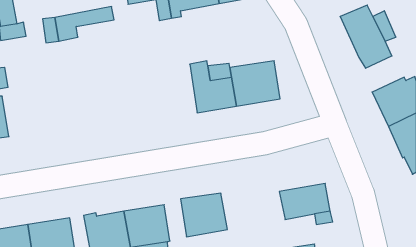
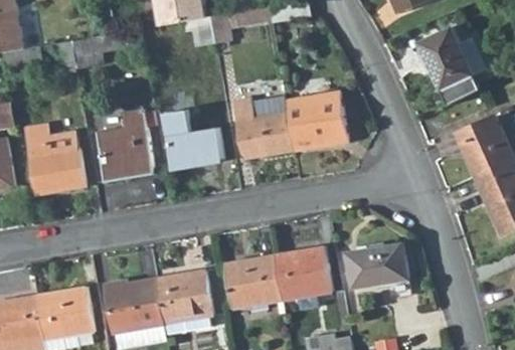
building: none -> [162,108,220,167]
building: none -> [96,110,153,181]
building: none -> [27,142,83,193]
building: none -> [272,247,328,301]

